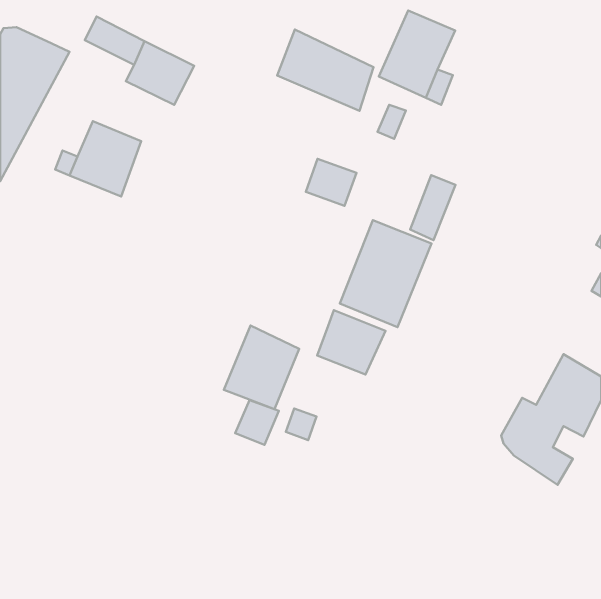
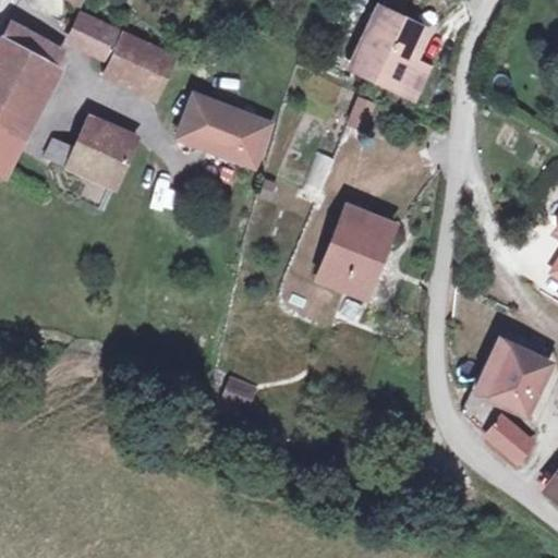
building: [277,30,374,111] -> [181,96,270,171]
building: [410,175,456,240] -> none
building: [317,310,385,374] -> none
building: [224,326,299,409] -> none

